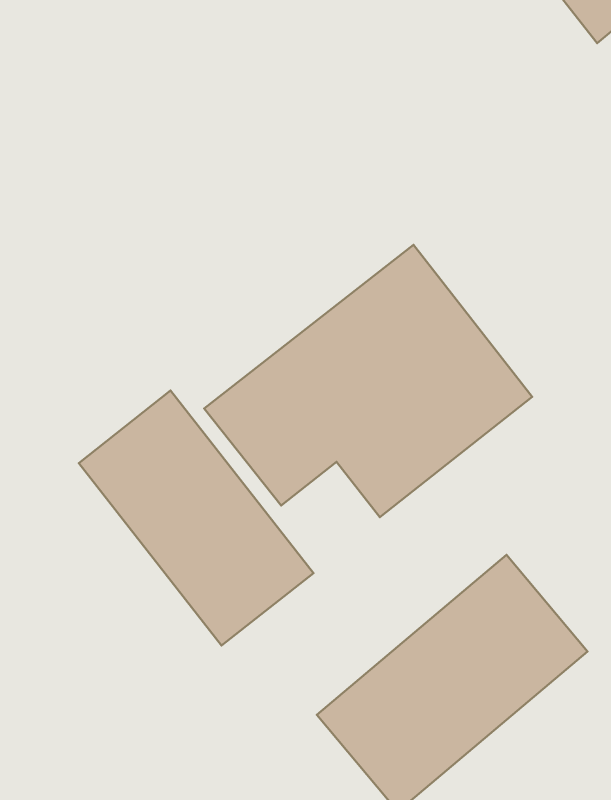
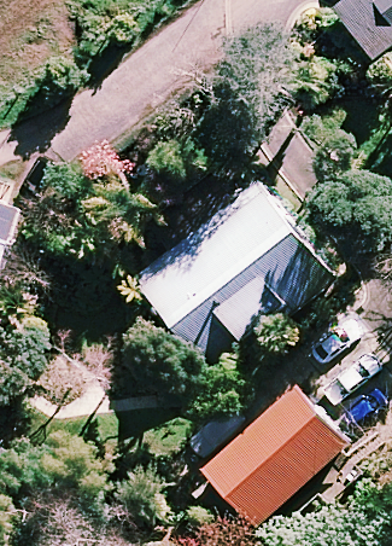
building: [79,391,313,645] -> none

